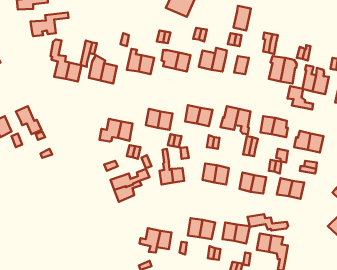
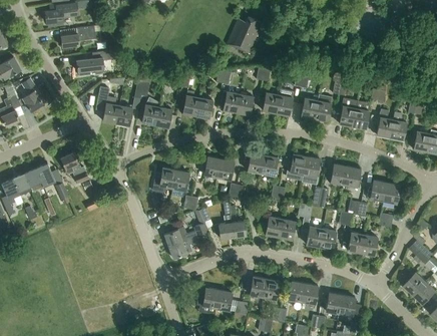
building: [233,6,251,30] -> [313,93,332,120]
building: [288,86,313,109] -> none
building: [247,214,288,230] -> none

